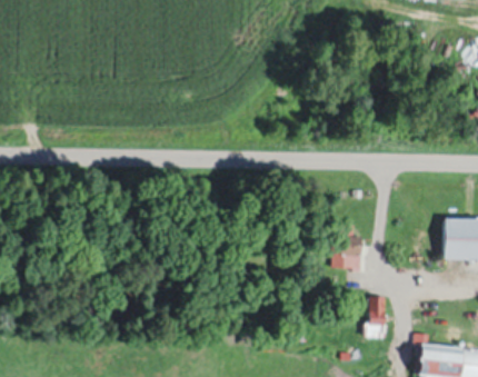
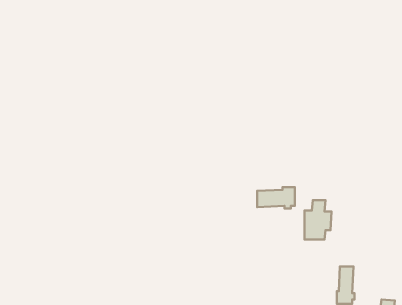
building: none -> [257,187,295,208]

